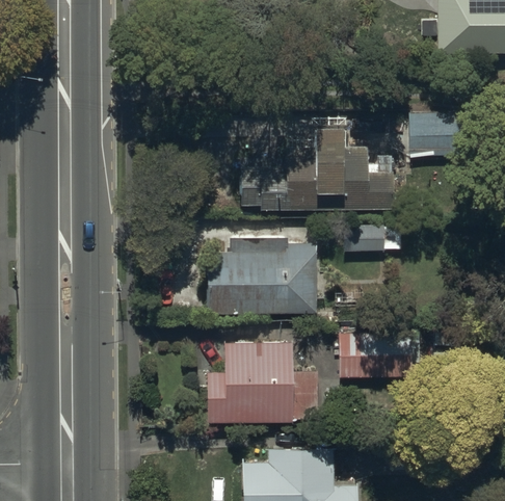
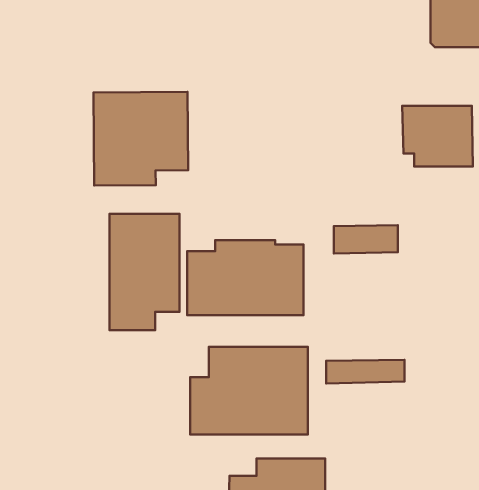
building: none -> [94,92,188,186]
building: [243,124,397,210] -> none
building: none -> [109,214,179,330]

